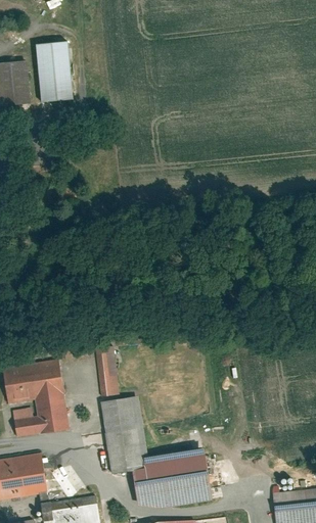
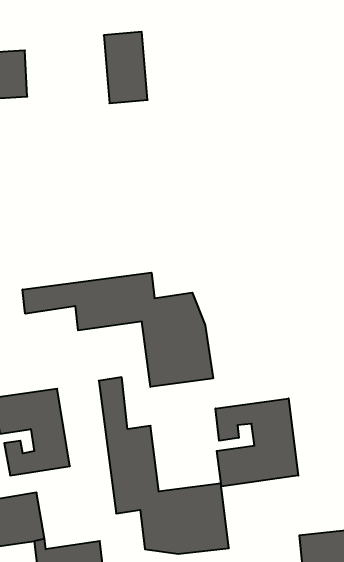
building: [36,42,75,105] -> [104,32,148,103]
building: none -> [23,273,213,387]
building: none -> [216,398,298,487]

